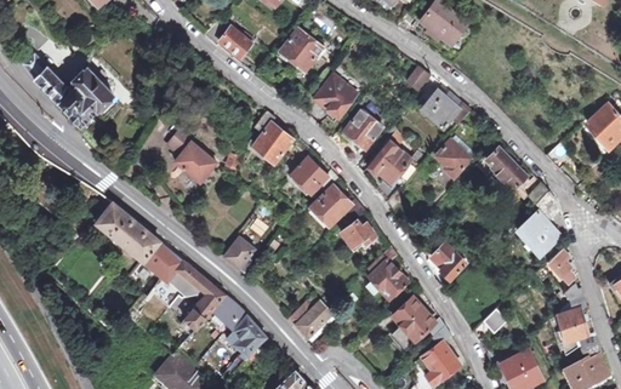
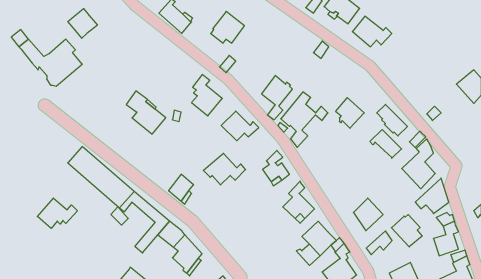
building: none -> [68,9,97,38]
building: [312,76,354,119] -> none
building: [420,87,469,126] -> [352,16,392,47]
building: none -> [370,130,402,158]
building: [307,185,360,225] -> [203,153,246,185]
building: [427,244,465,285] -> [353,198,383,231]
building: none -> [37,198,77,228]
building: none -> [391,215,422,247]
building: [289,302,331,338] -> none

